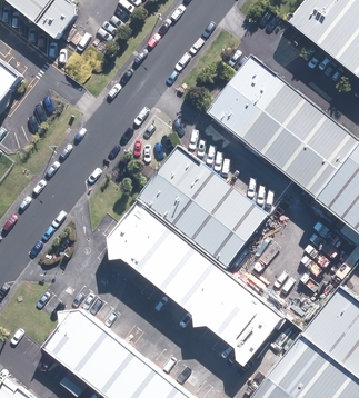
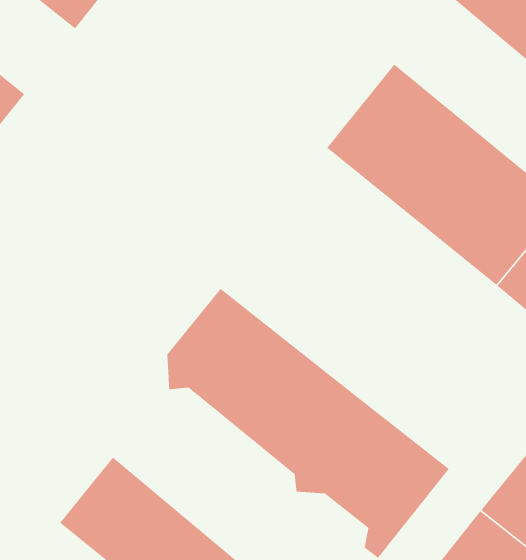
building: [143,147,268,265] -> none

